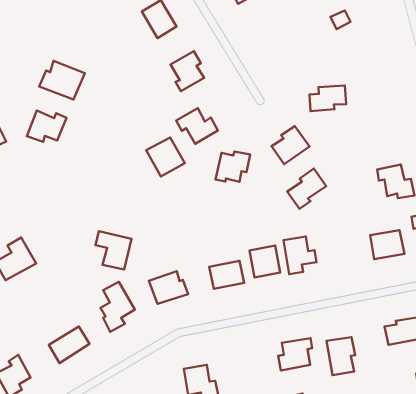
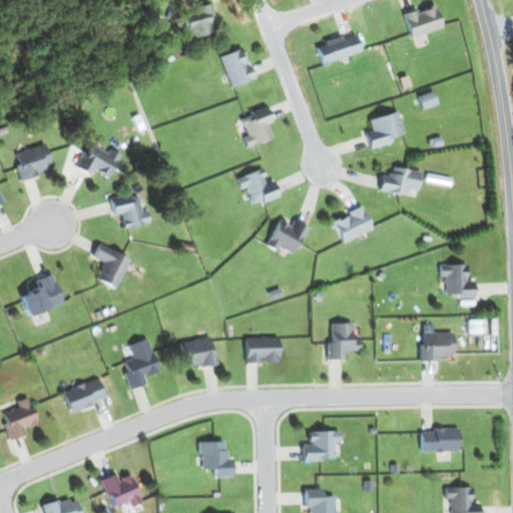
building: none -> [365,111,405,149]
building: [39,61,85,99] -> none
building: [146,138,185,177] -> none
building: none -> [111,194,151,226]
building: [287,169,326,209] -> none
building: [95,231,131,270] -> [92,243,131,289]
building: [249,245,280,277] -> none
building: [326,337,355,375] -> none

